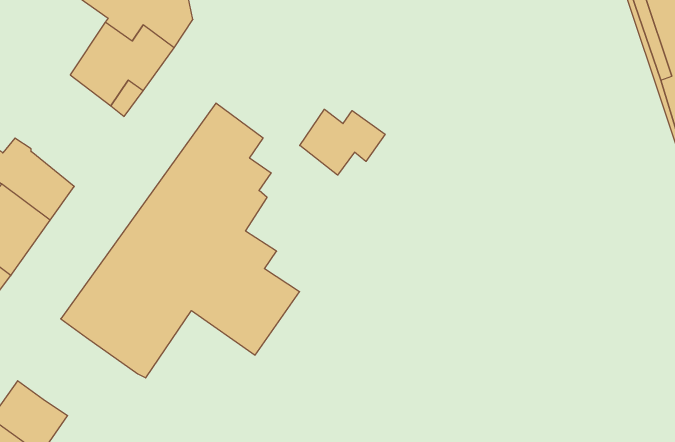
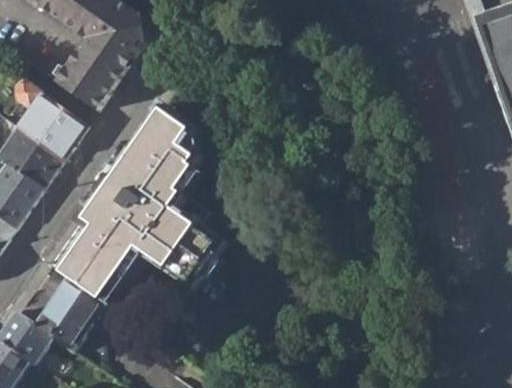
building: none -> [11,80,84,163]
building: [300,109,385,175] -> none
building: none -> [35,275,105,346]

